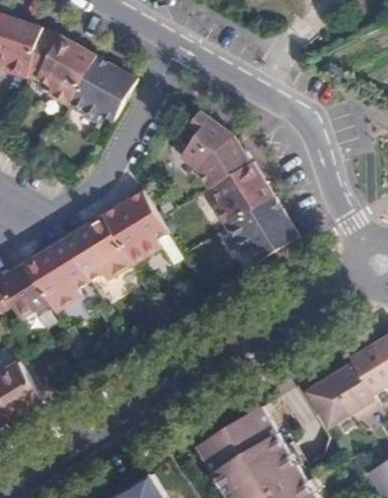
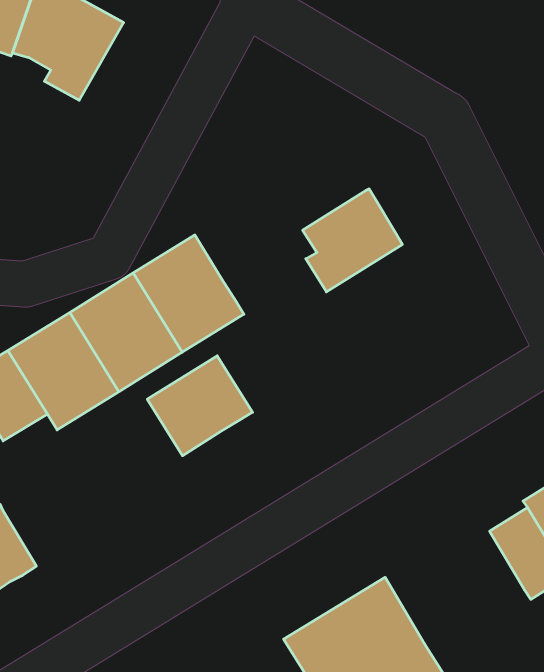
building: [68,55,137,120] -> none
building: [178,110,250,188] -> none
building: [225,196,298,261] -> none
building: none -> [147,356,253,456]
building: [305,378,351,429] -> none

